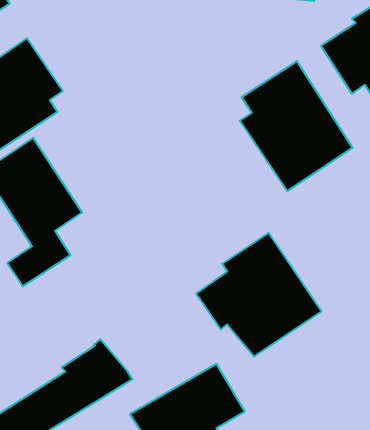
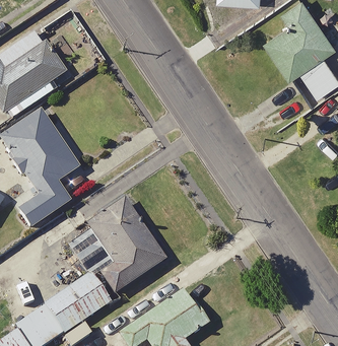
building: [240,61,353,191] -> none
building: [196,233,321,357] -> [67,200,165,297]

